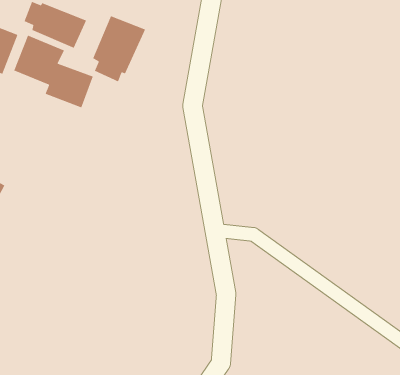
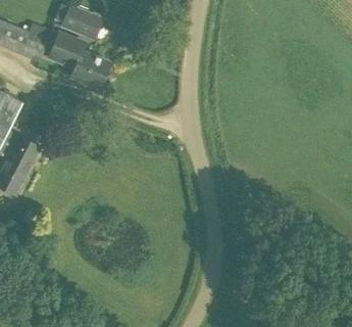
building: [92,15,146,82] -> none

